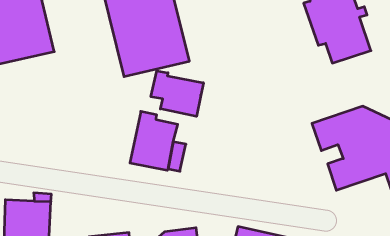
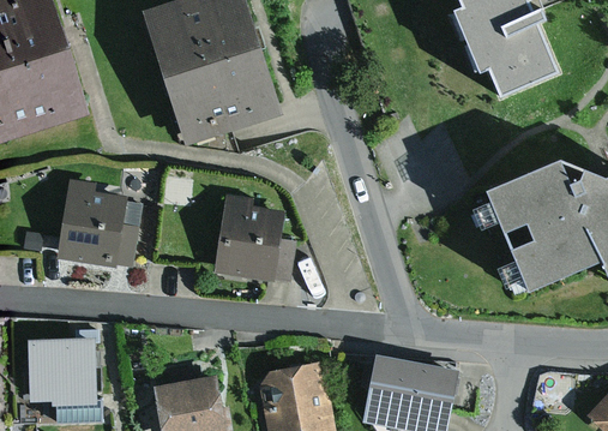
building: [151,71,203,116] -> none
building: none -> [56,179,139,267]

